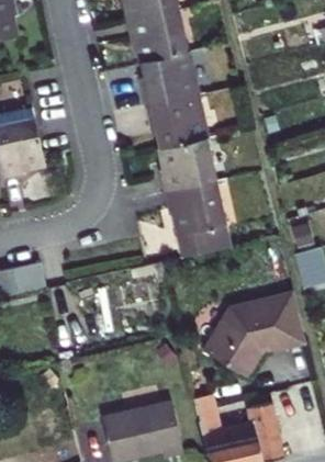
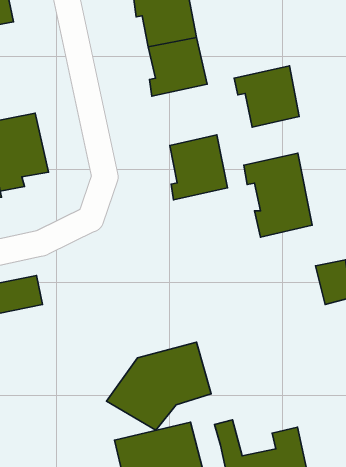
building: [143,90,202,146] -> [234,66,299,127]
building: [163,184,225,261] -> [244,153,312,237]
building: [211,296,306,376] -> [106,342,211,430]

